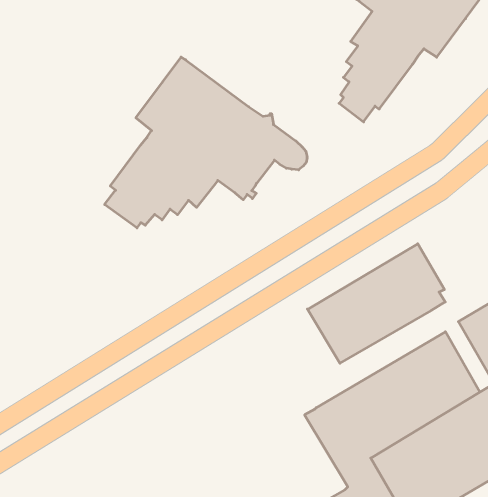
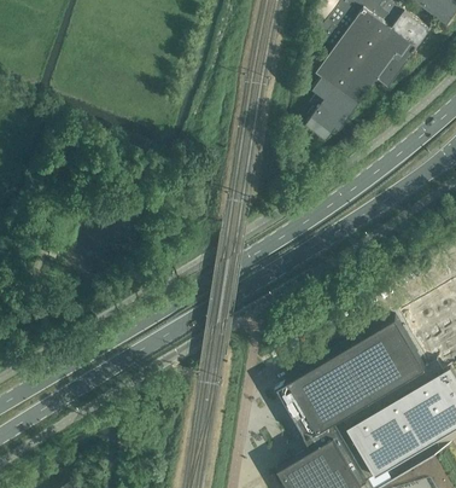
building: [105,57,307,228] -> none
building: [307,244,445,363] -> none

